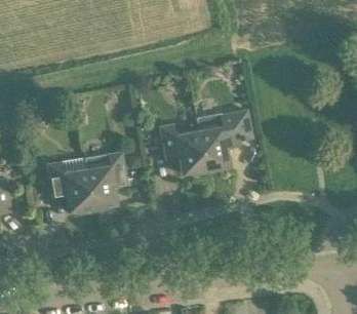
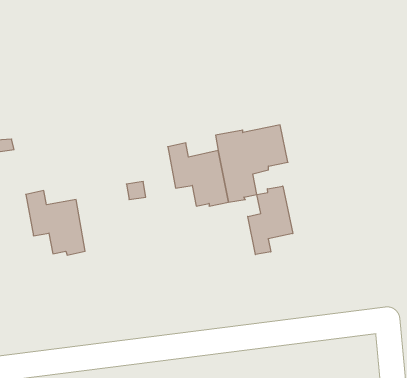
building: [84,153,126,210] -> none
building: none -> [248,186,293,255]

